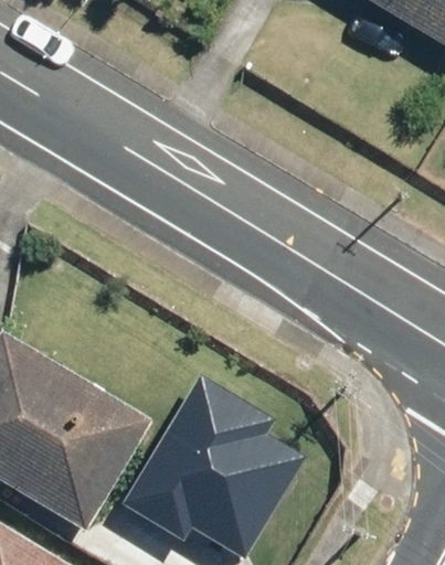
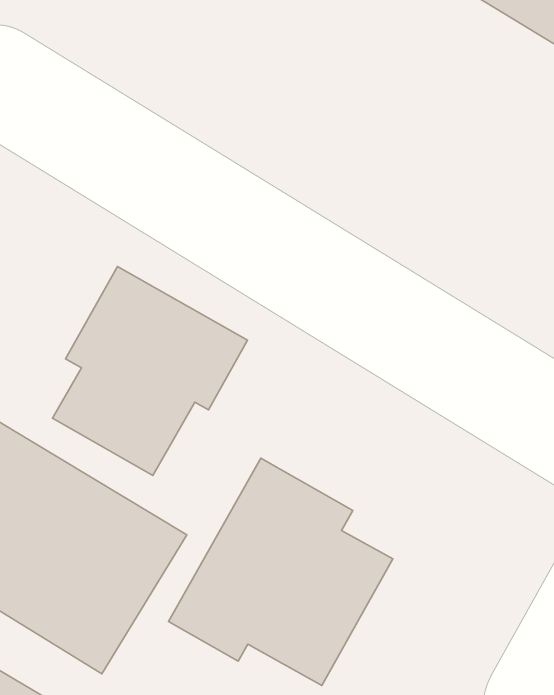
building: none -> [53,266,248,475]

